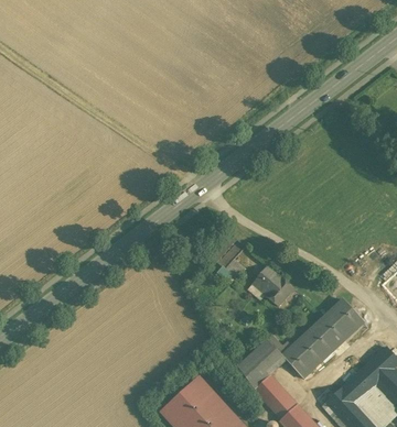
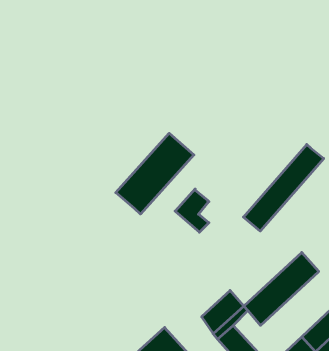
building: none -> [116,133,194,214]
building: none -> [243,144,324,231]
building: [250,265,296,306] -> none

